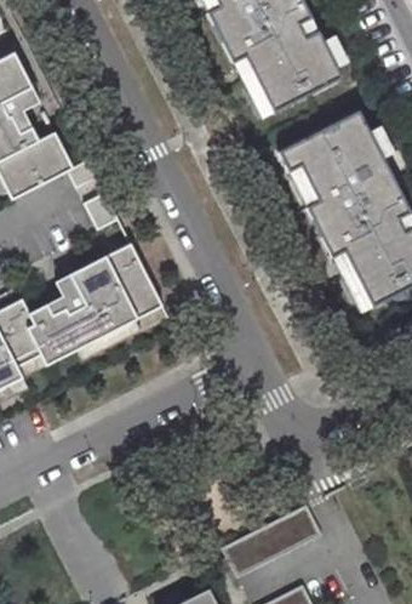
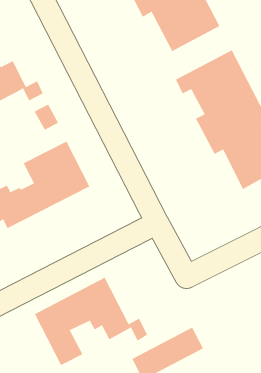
building: none -> [34,277,148,366]

